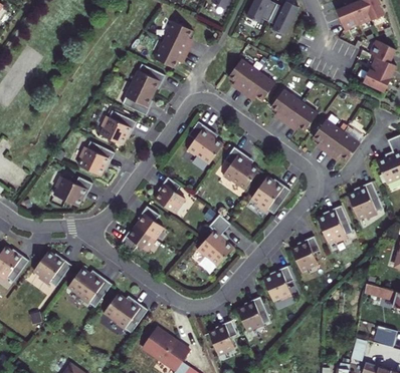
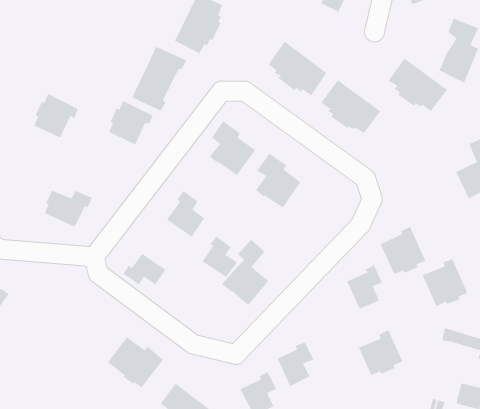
building: [313,120,360,162] -> [387,58,448,112]
building: [80,140,116,175] -> [34,93,79,138]
building: [251,175,290,210] -> none
building: [348,180,384,219] -> [422,258,468,307]
building: [132,206,160,239] -> [202,236,238,278]
building: [35,247,72,283] -> none
building: [68,265,113,306] -> none
building: [263,265,298,301] -> [358,329,403,376]

